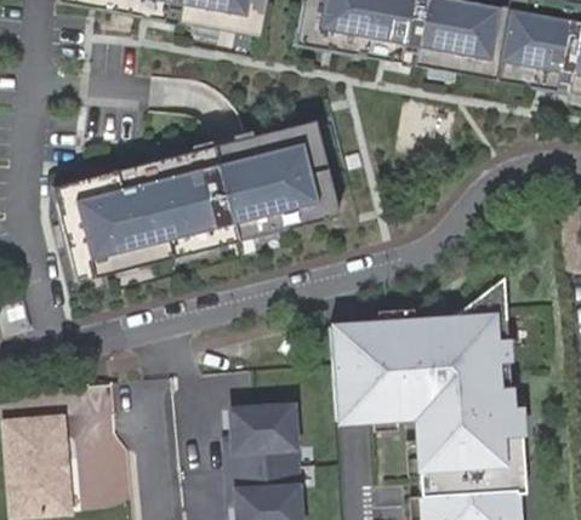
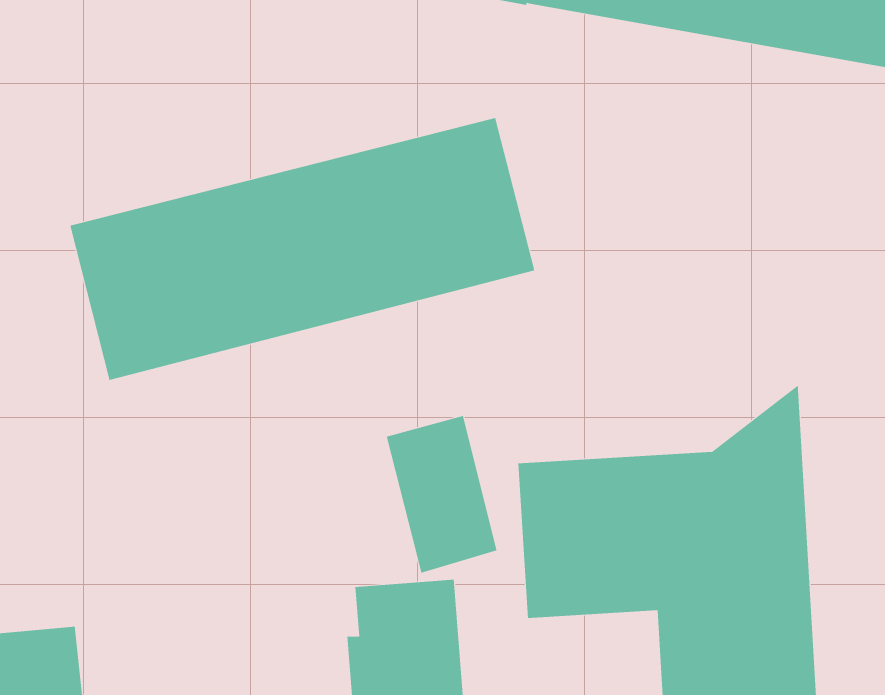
building: none -> [386,415,497,574]

